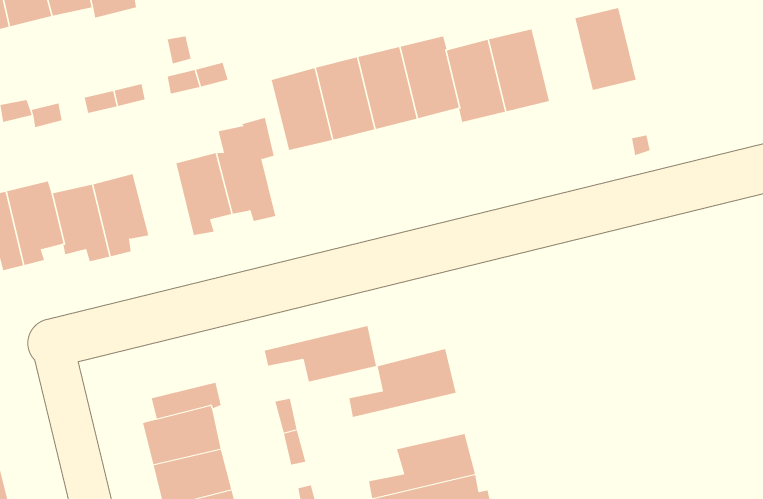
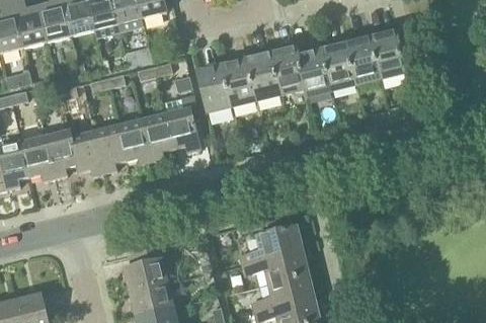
building: none -> [346,35,381,83]
building: none -> [117,118,152,164]
building: [264,326,377,382] -> [243,250,308,282]

